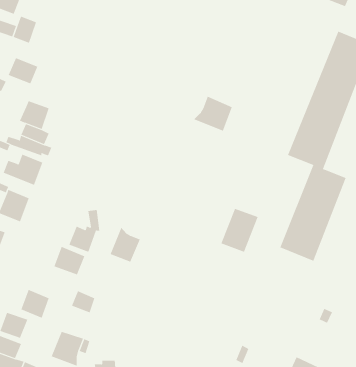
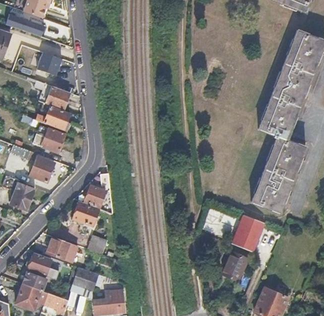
building: [193,96,232,131] -> none
building: [221,208,258,252] -> [233,216,263,251]
building: [110,227,141,262] -> none
building: none -> [222,253,247,283]

